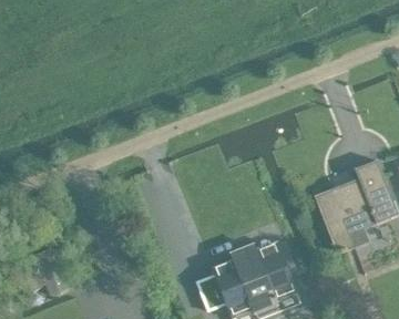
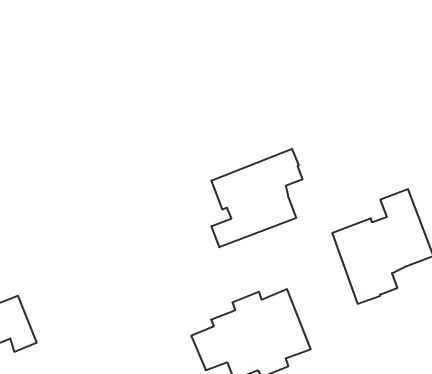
building: none -> [211,149,302,247]

